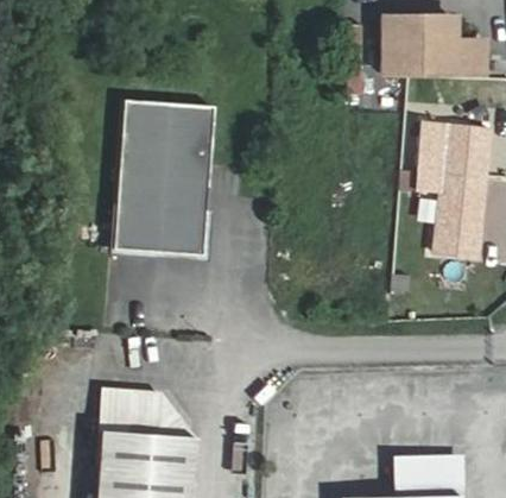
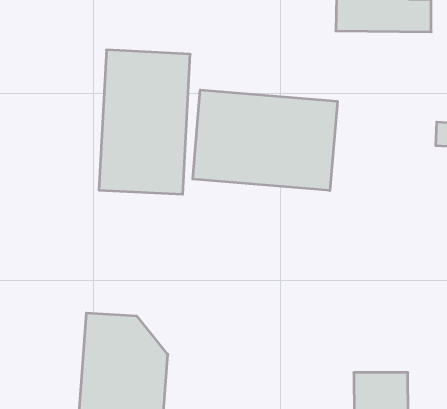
building: [422,124,491,257] -> none
building: none -> [193,90,337,191]

